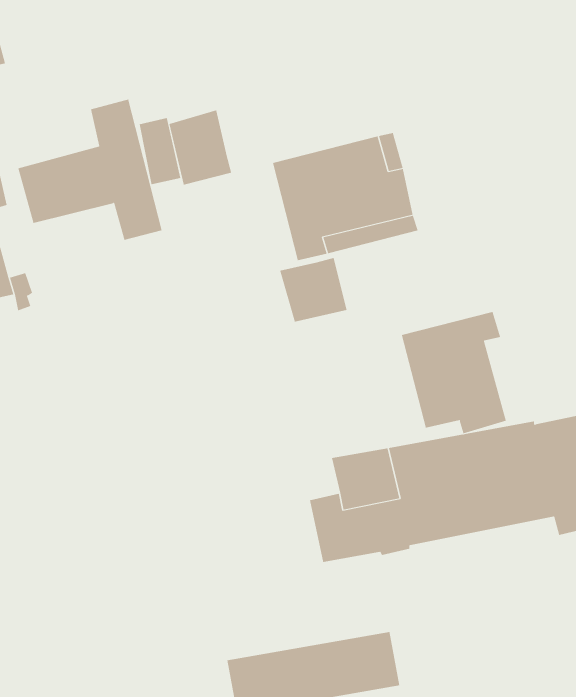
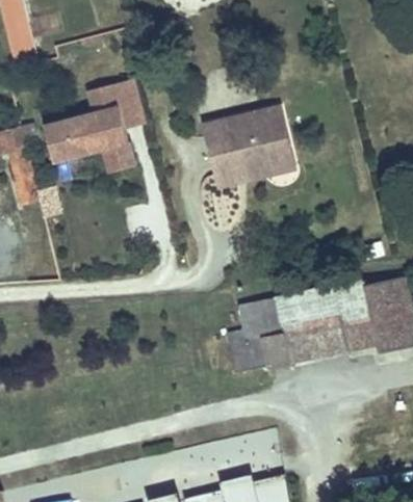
building: [169,109,232,186] -> none
building: [279,257,347,323] -> none
building: [401,311,507,434] -> none

